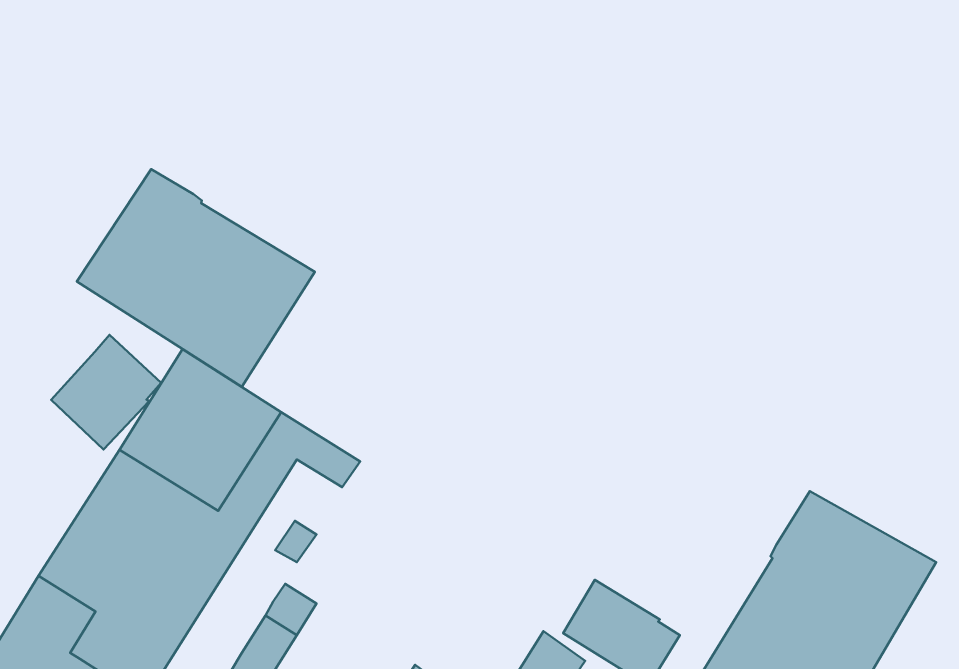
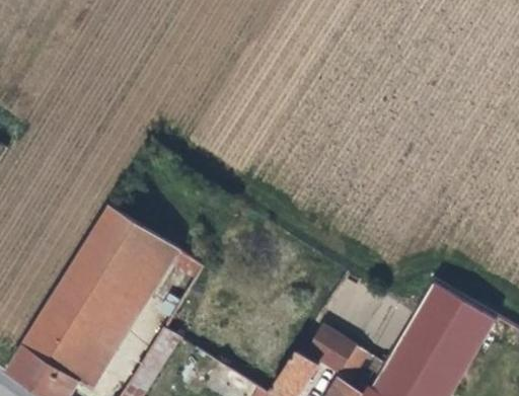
building: [77,169,315,387] -> none
building: [51,335,161,449] -> none

